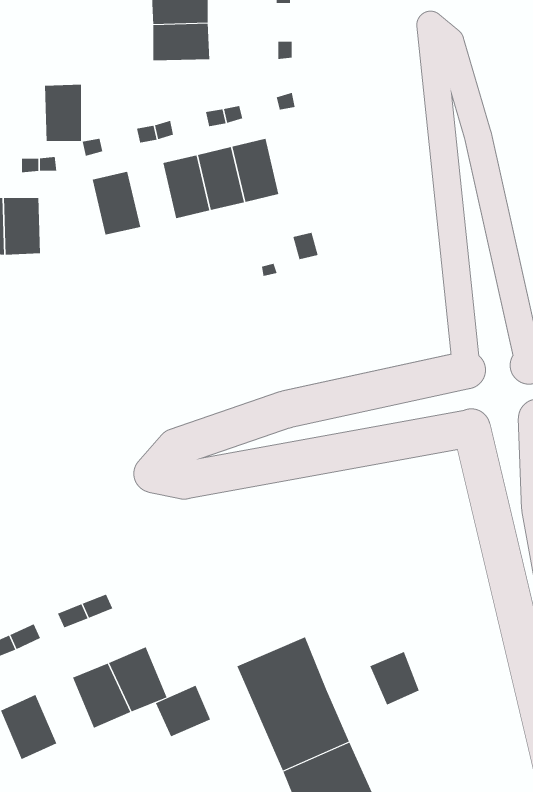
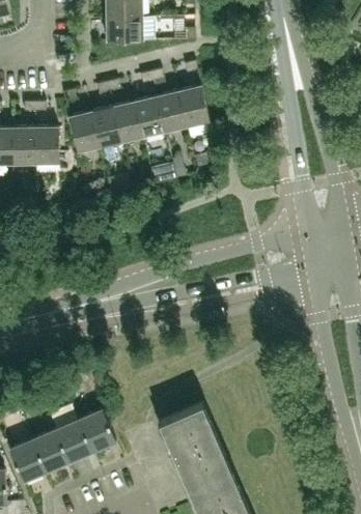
building: [44,84,82,142] -> [35,127,59,164]
building: none -> [178,86,210,126]
building: none -> [91,107,121,147]
building: [370,651,419,705] -> none
building: none -> [33,431,70,473]
building: [155,685,211,737] -> none

